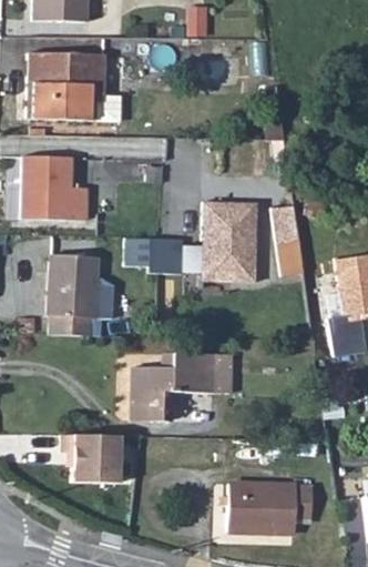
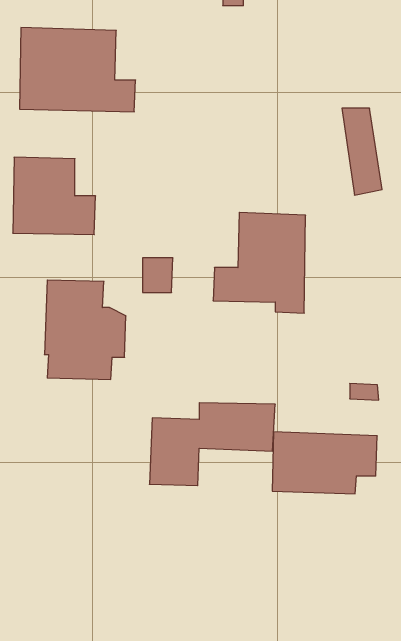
building: [272,206,304,276] -> [342,108,382,195]
building: [149,237,183,273] -> none
building: [60,434,120,483] -> none
building: [227,483,311,533] -> [272,432,377,494]

